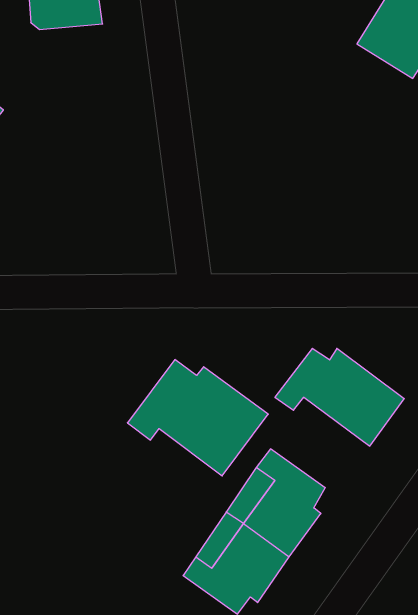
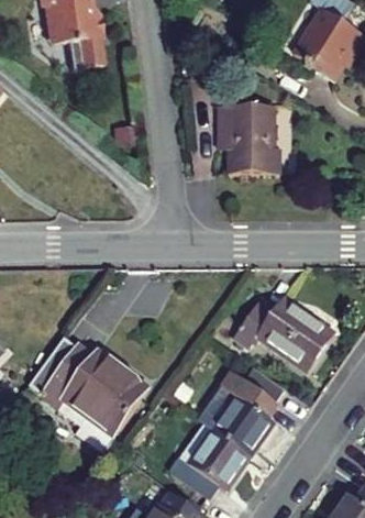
building: none -> [232,106,294,177]
building: [127,360,268,476] -> [40,339,147,428]

